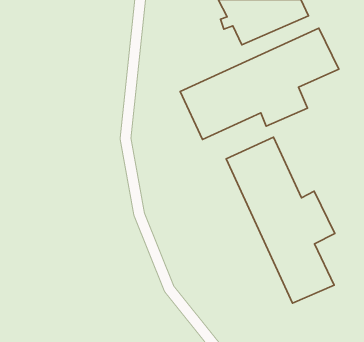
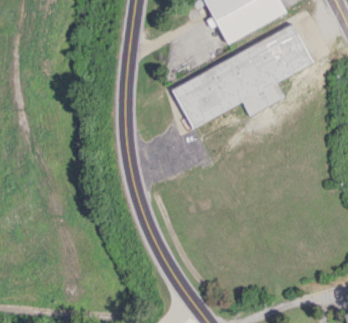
building: [226,137,335,303] -> none

